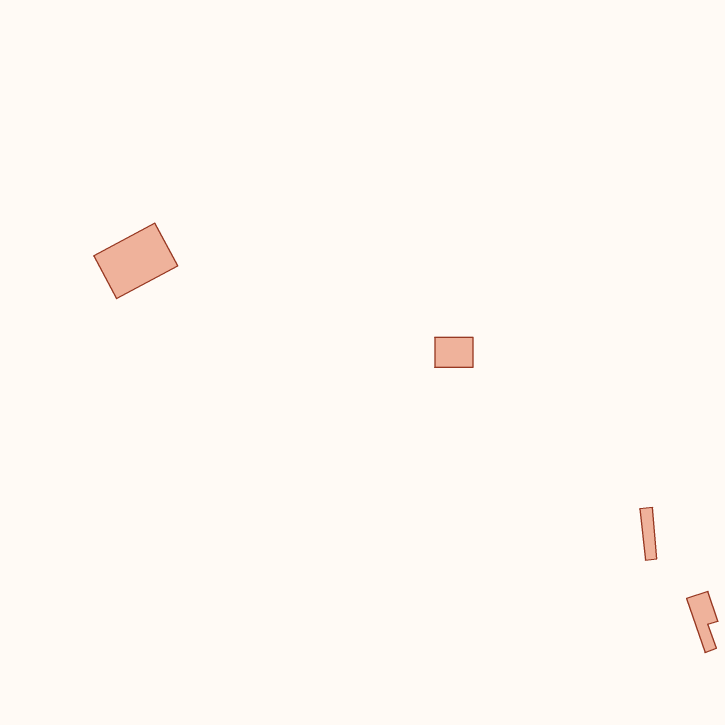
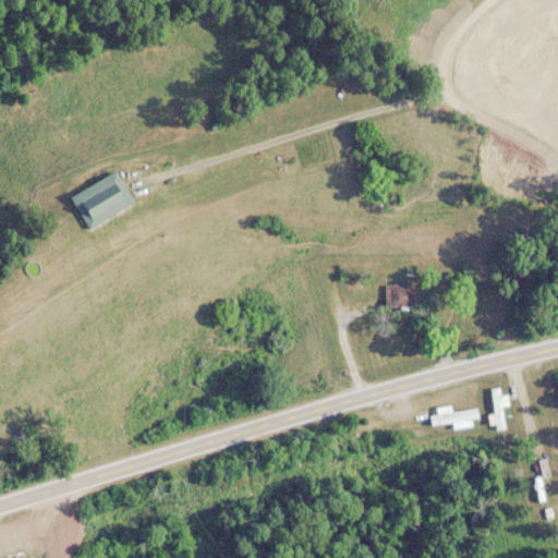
building: [435,337,473,367] -> [387,284,416,307]
building: none -> [429,410,478,427]

